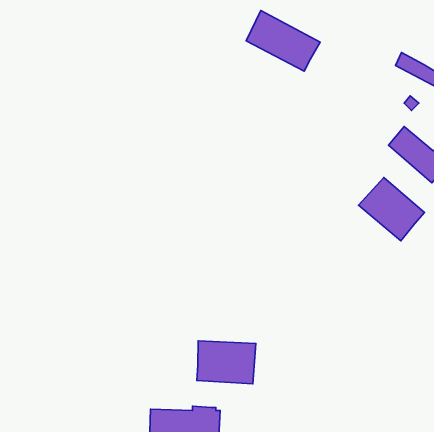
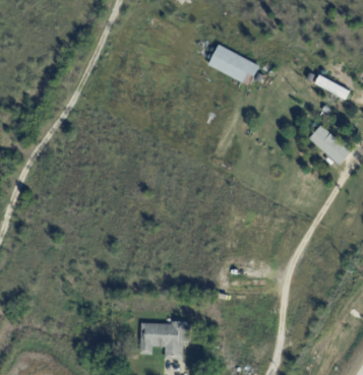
building: [359,178,424,241] -> none
building: [197,341,256,384] -> none

